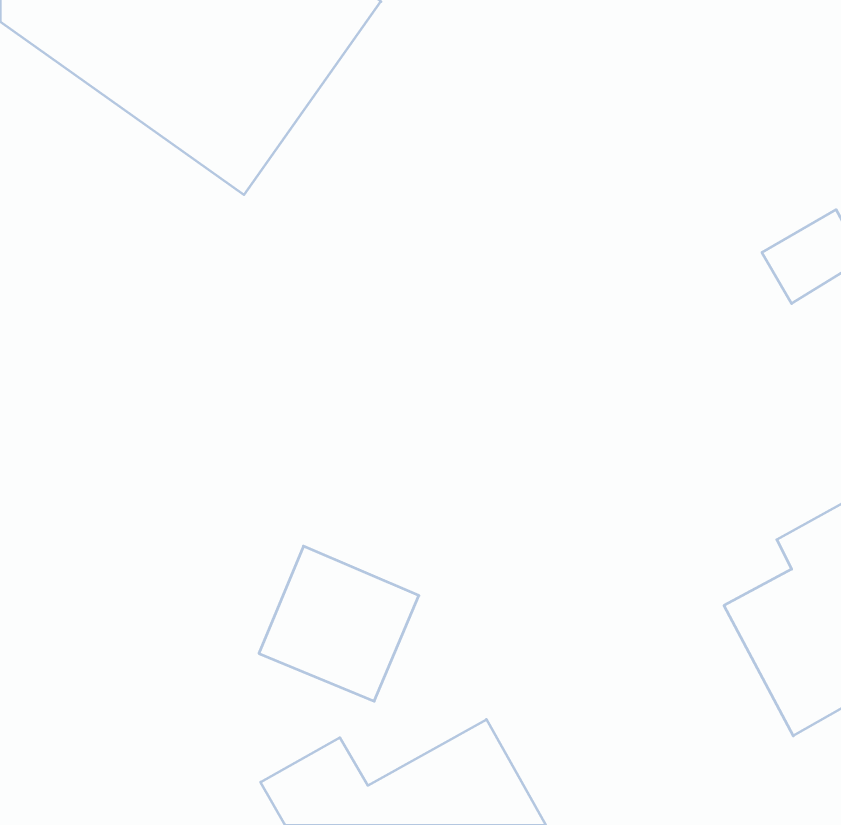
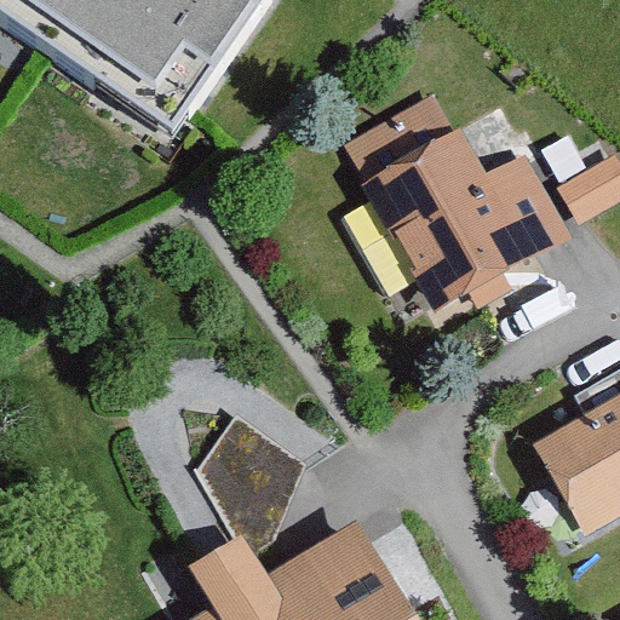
building: none -> [343,94,569,312]

